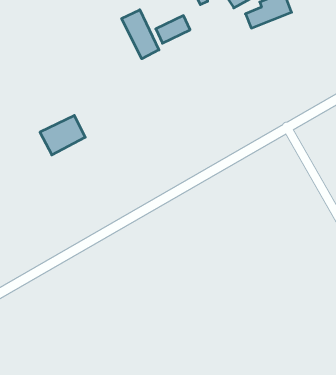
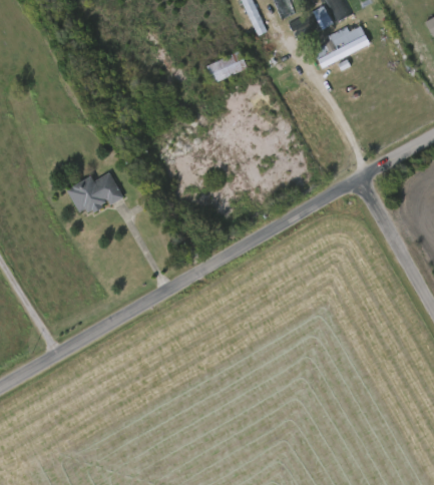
building: [122,10,159,59] -> none

